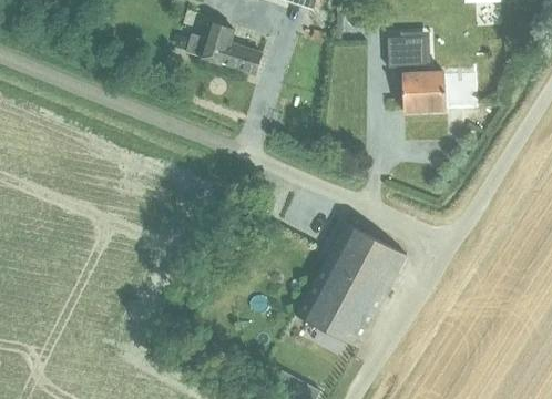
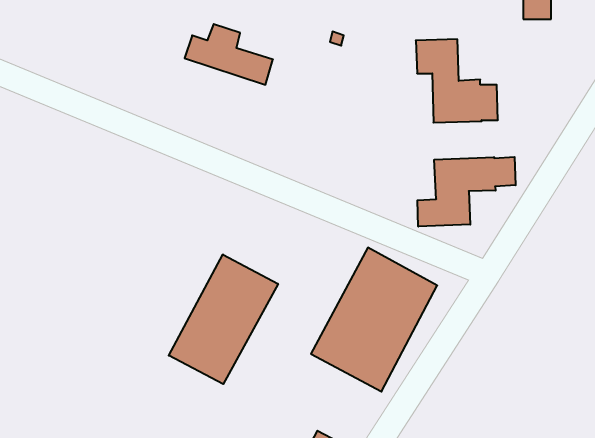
building: none -> [417,157,516,227]
building: none -> [169,254,278,384]

